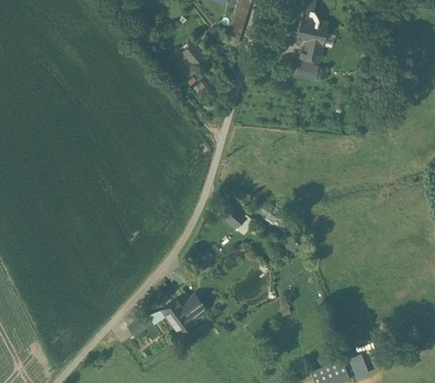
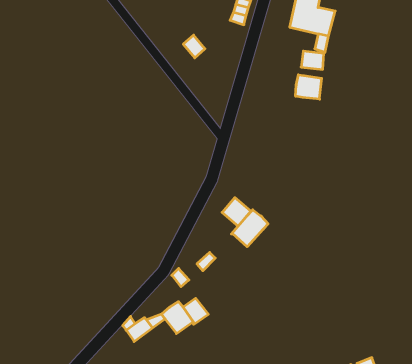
building: none -> [296,75,322,99]
building: none -> [231,210,268,247]

